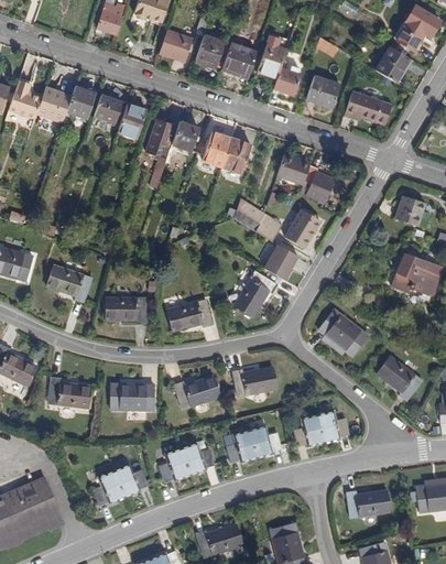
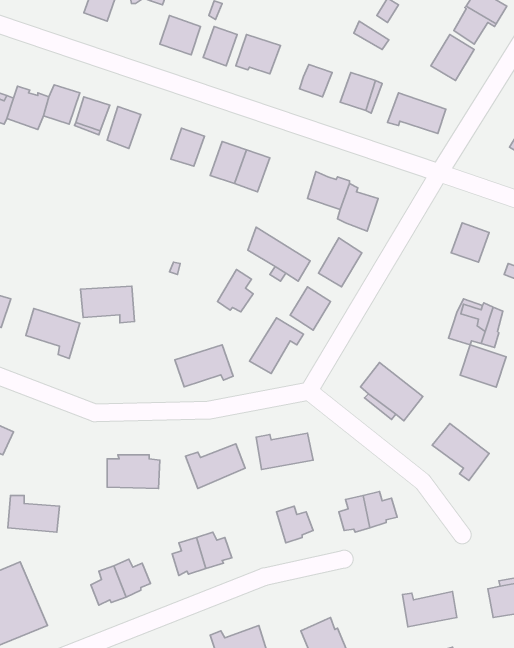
building: [257,40,285,76] -> none
building: [141,117,171,177] -> none
building: none -> [218,270,253,312]
building: [106,294,150,324] -> [80,286,135,323]
building: none -> [460,345,506,387]
building: [52,377,94,406] -> [8,495,59,532]
building: [233,430,260,458] -> none

